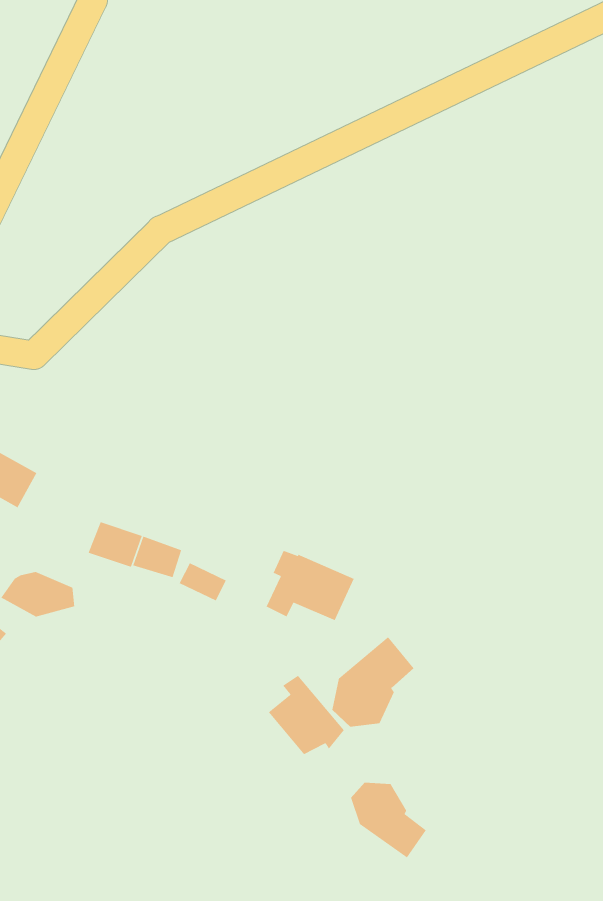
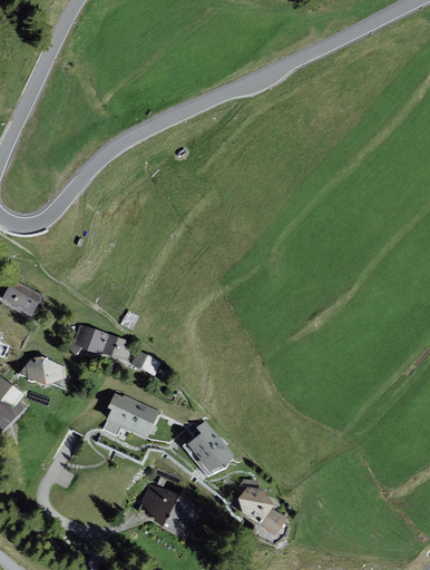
building: [265,550,355,621] -> [102,394,158,439]
building: [332,636,414,728] -> none
building: none -> [139,485,201,538]

